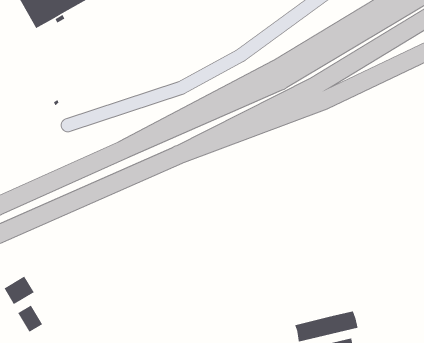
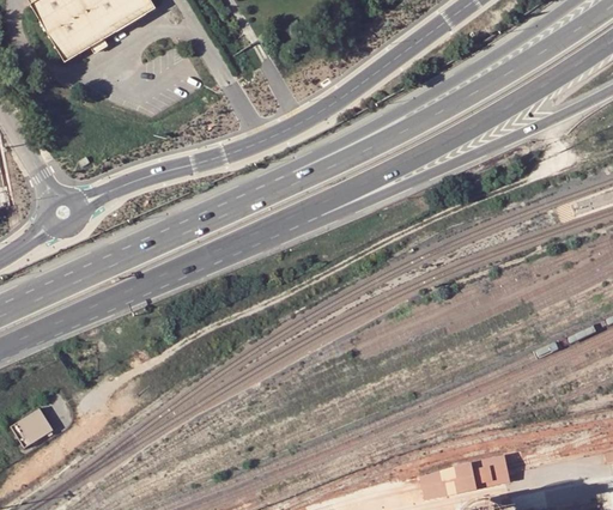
building: [17,304,43,333] -> none

